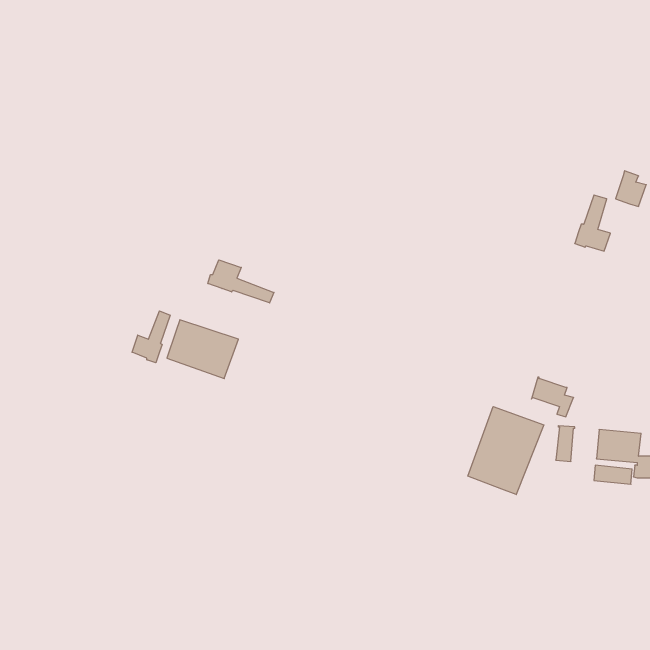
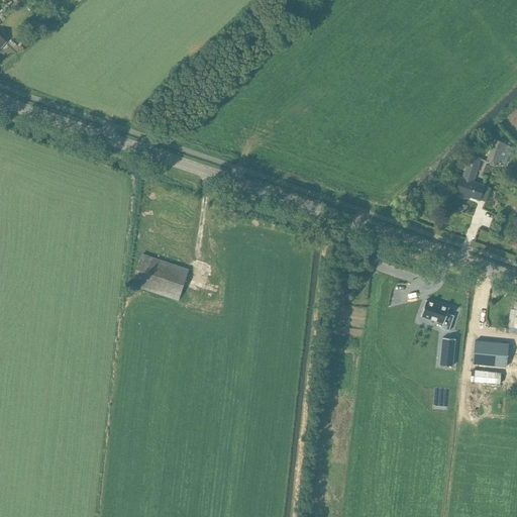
building: [208,260,274,303] -> none
building: [132,311,170,363] -> none
building: [468,407,544,495] -> none

